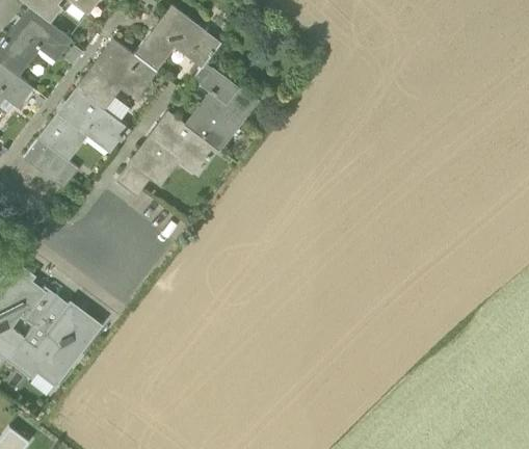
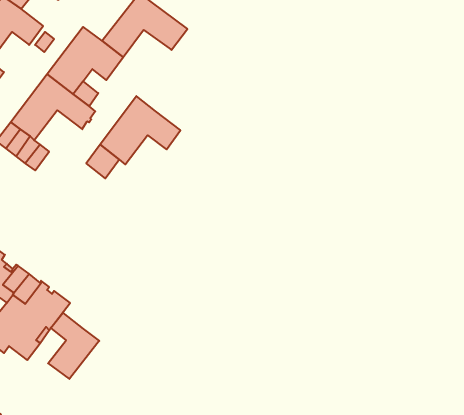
building: [187,65,256,152] -> none
building: none -> [48,313,99,379]

